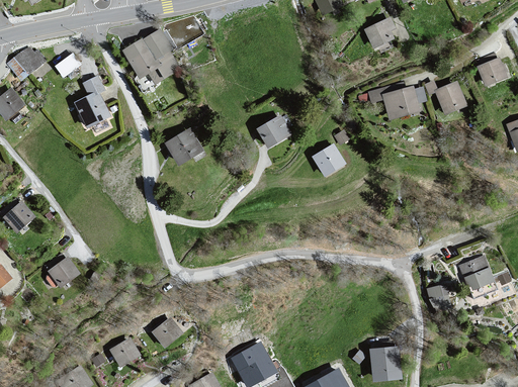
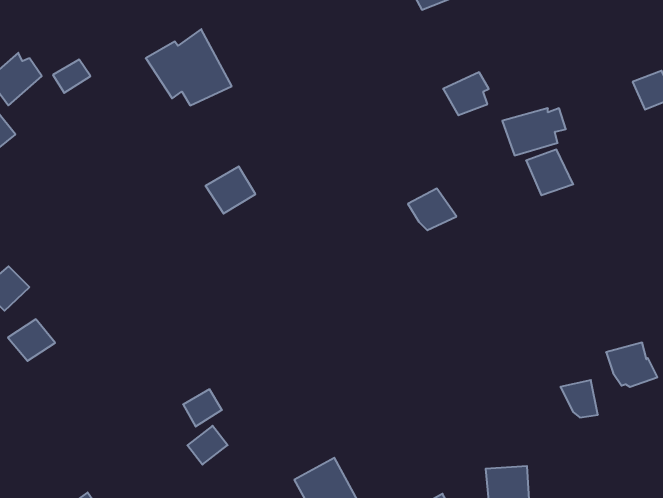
building: [364,17,398,49] -> [443,72,489,115]
building: [73,76,114,127] -> none
building: [434,82,468,115] -> [526,150,573,195]
building: [257,114,293,148] -> none
building: [48,257,82,287] -> [8,319,55,361]
building: [110,337,139,365] -> [183,389,222,427]

